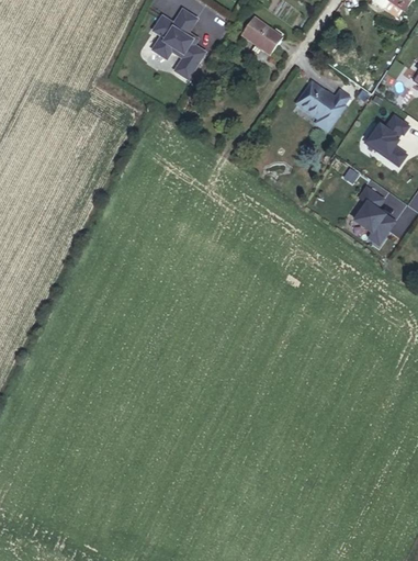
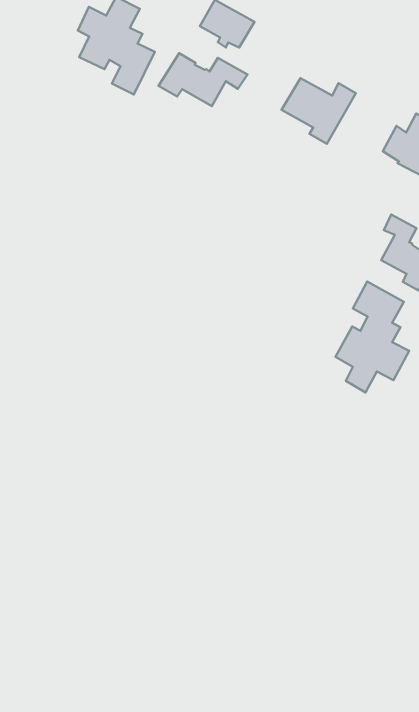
building: none -> [159,53,247,106]
building: none -> [335,281,409,393]

